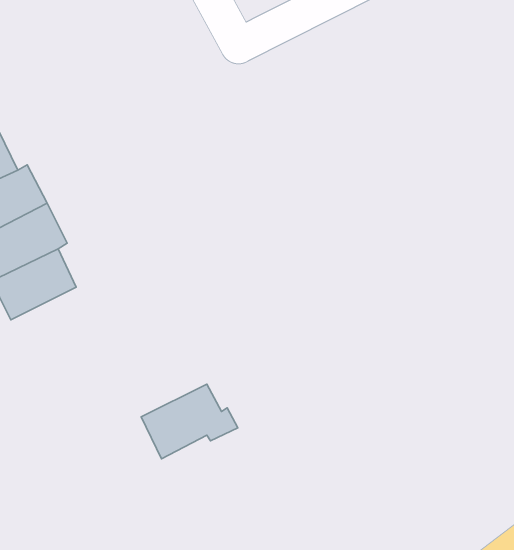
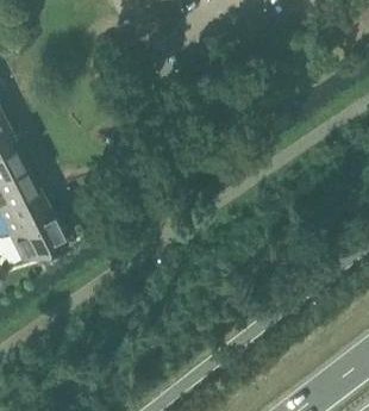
building: [141,384,238,459] -> [7,212,70,261]

